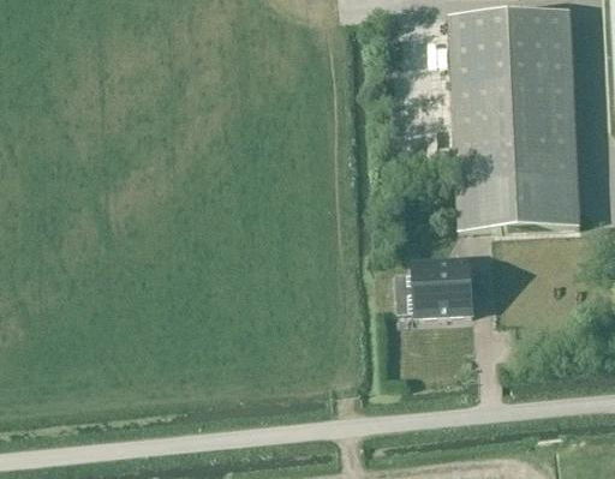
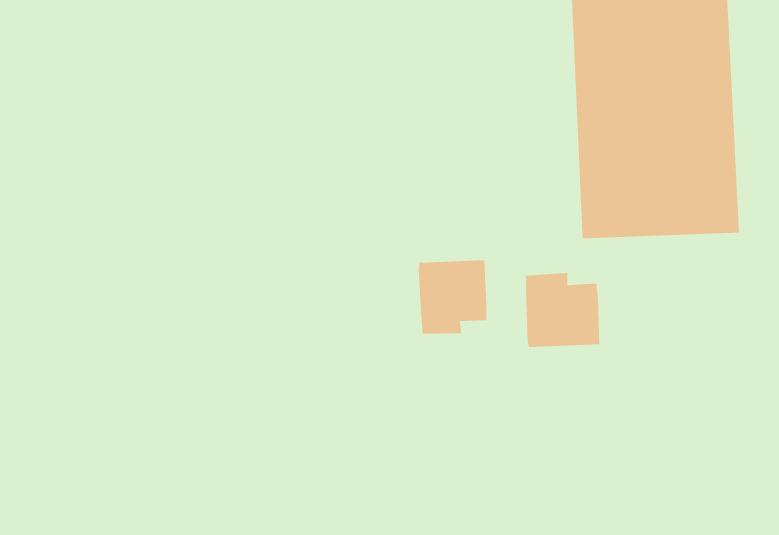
building: none -> [418,259,487,334]

